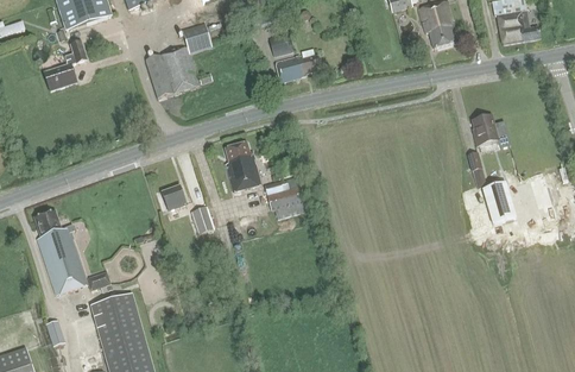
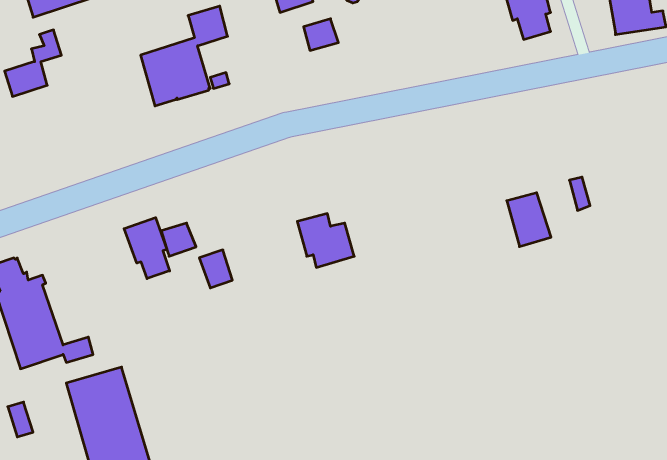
building: [273,52,320,81] -> none
building: [470,114,507,147] -> none
building: [223,141,261,191] -> none
building: none -> [124,218,170,279]
building: [481,181,514,221] -> [507,193,551,247]

